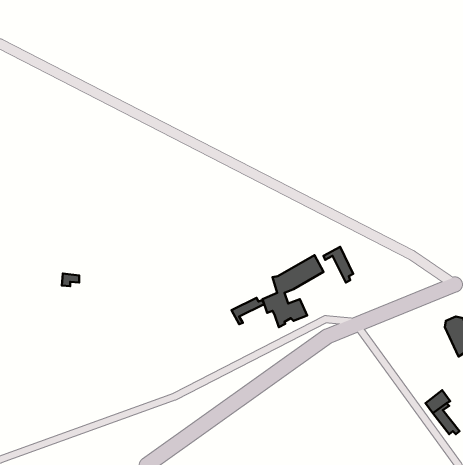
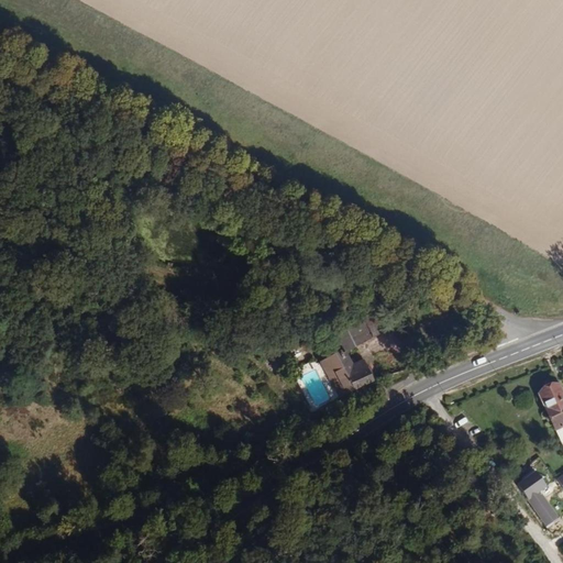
building: [324,247,353,282] -> none
building: [232,298,264,324] -> none

